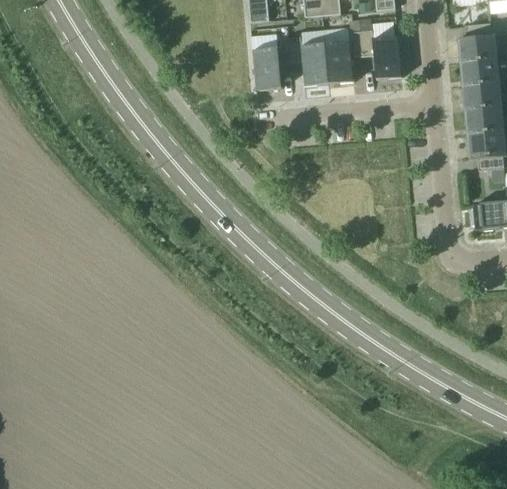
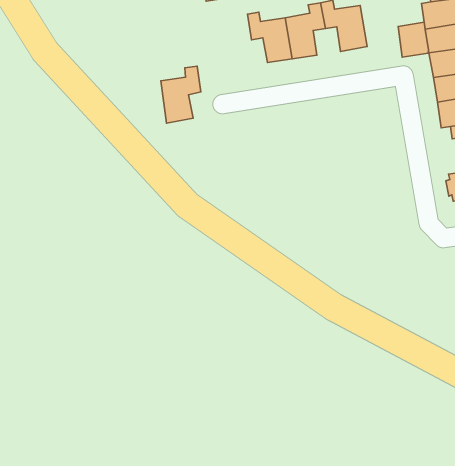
building: [253,36,291,89] -> [161,66,201,123]
building: none -> [398,22,428,57]

